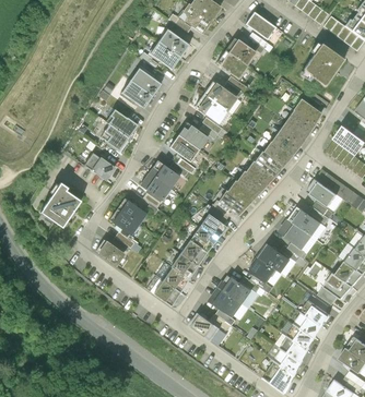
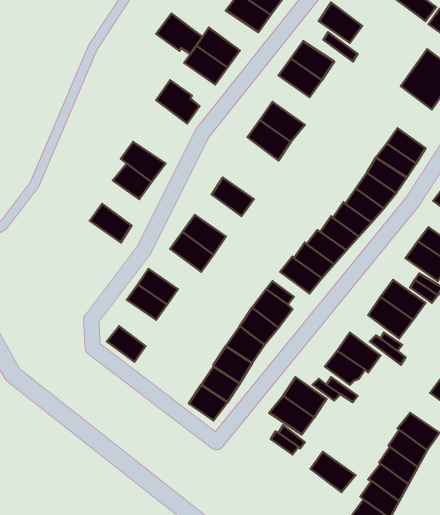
building: [119,80,152,108] -> [156,14,203,54]
building: [177,121,211,151] -> none
building: [39,182,80,227] -> none
building: [189,312,221,340] -> [311,452,355,492]

